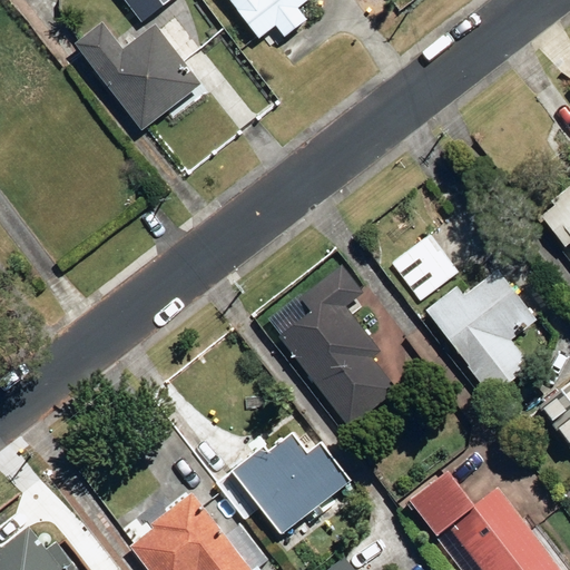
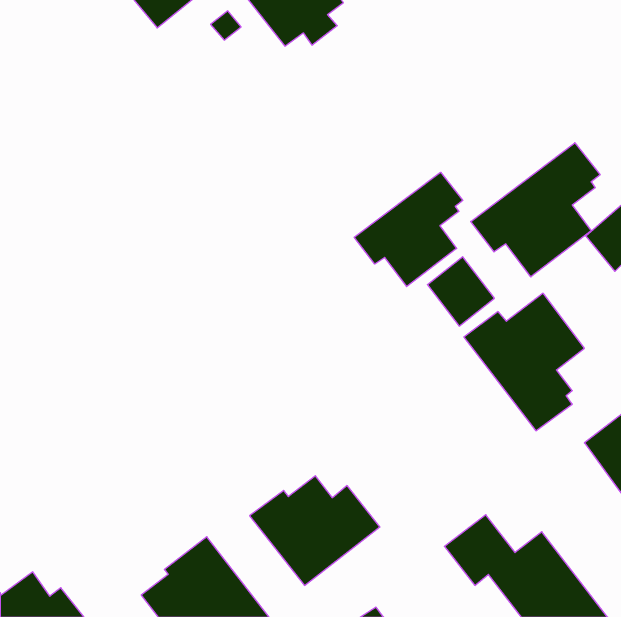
building: [79,29,204,135] -> none
building: none -> [471,143,600,277]
building: none -> [354,172,463,287]
building: [278,264,397,426] -> none

